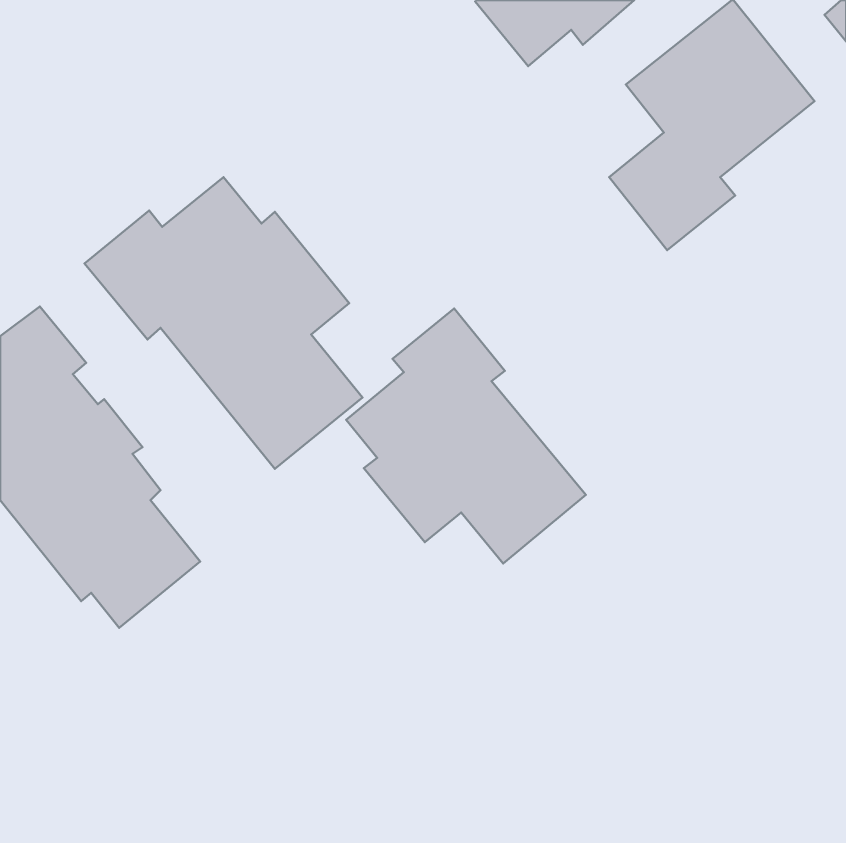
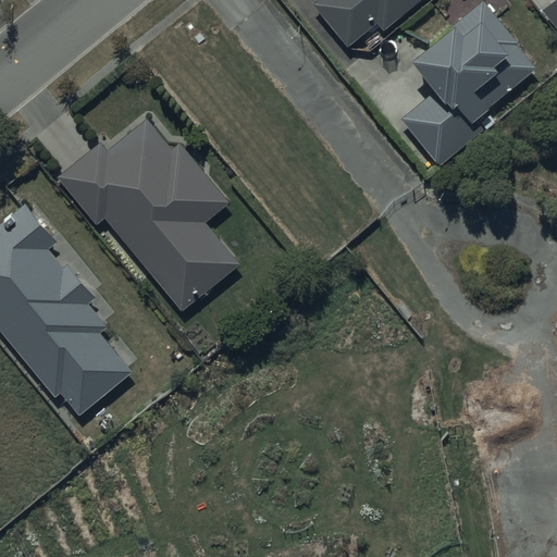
building: [346,309,586,563] -> none

